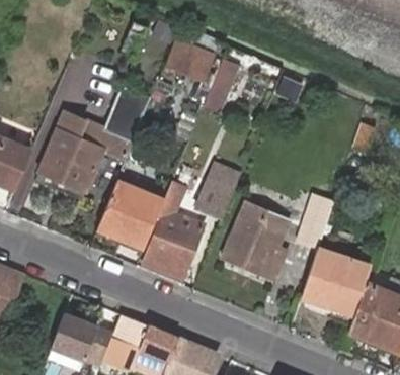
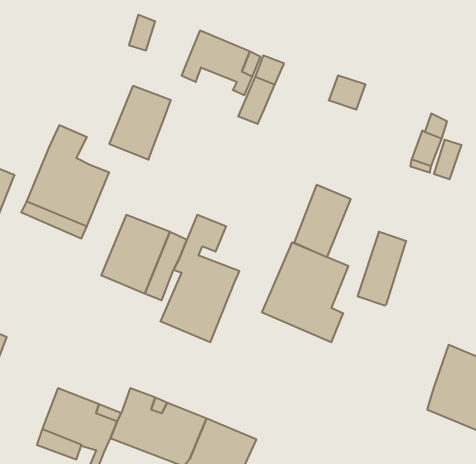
building: [78,121,134,158] -> none
building: [196,163,240,218] -> [294,185,351,257]
building: [301,250,370,313] -> none

